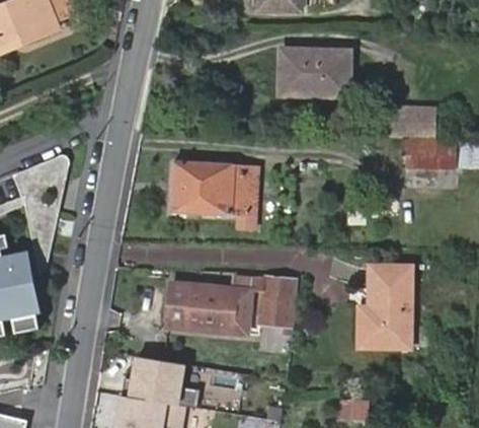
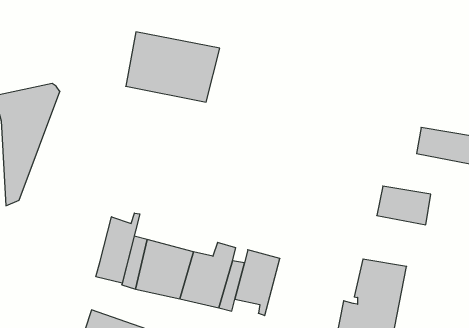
building: [283,50,349,94] -> none
building: [388,109,433,137] -> [377,186,431,225]
building: [170,161,249,214] -> [126,32,220,102]
building: none -> [96,213,140,283]

